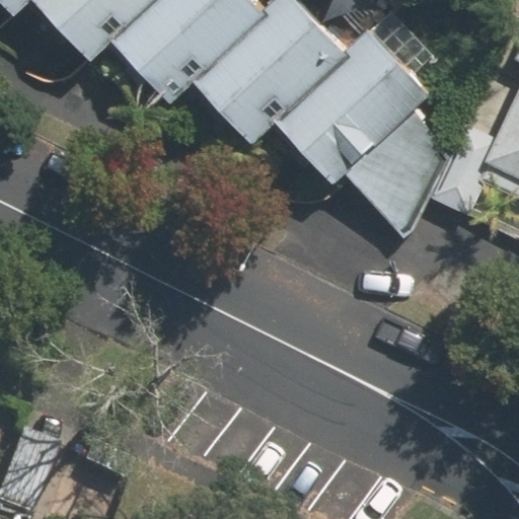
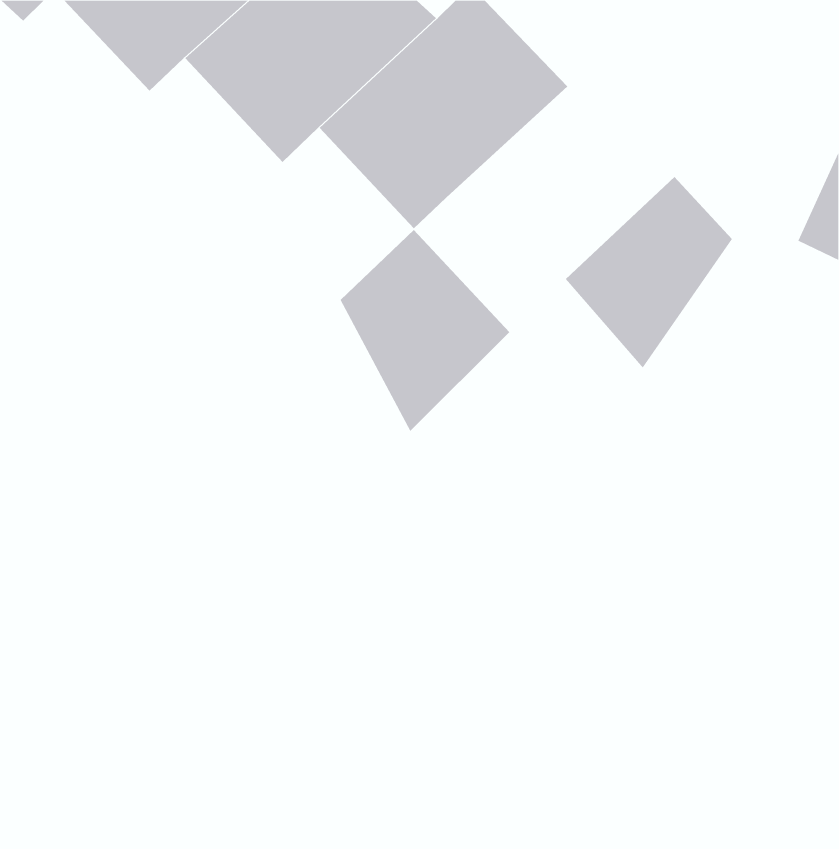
building: [273,33,425,182] -> none
building: none -> [340,229,510,432]

